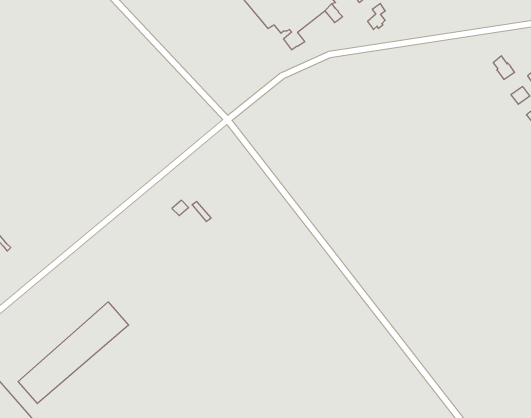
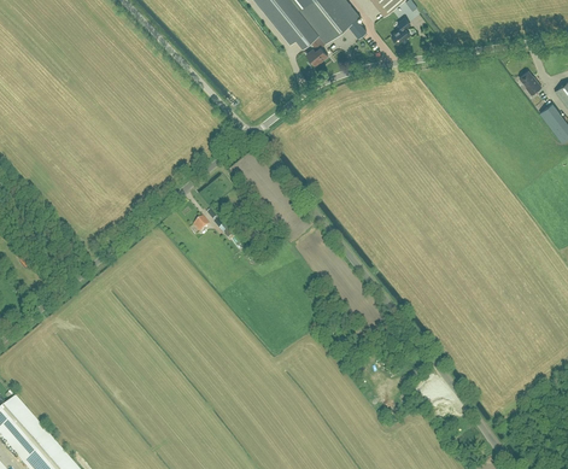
building: [18,302,129,404] -> none

